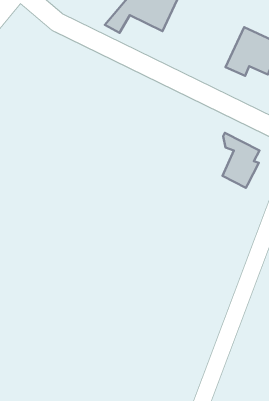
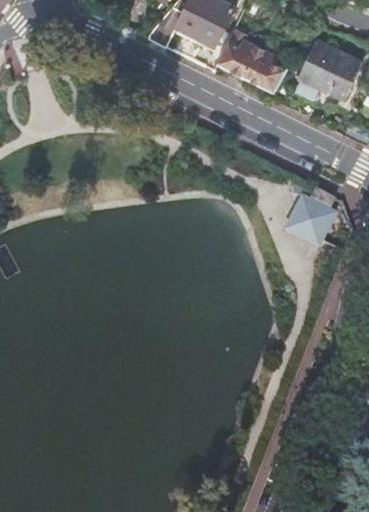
building: none -> [216,25,284,91]

